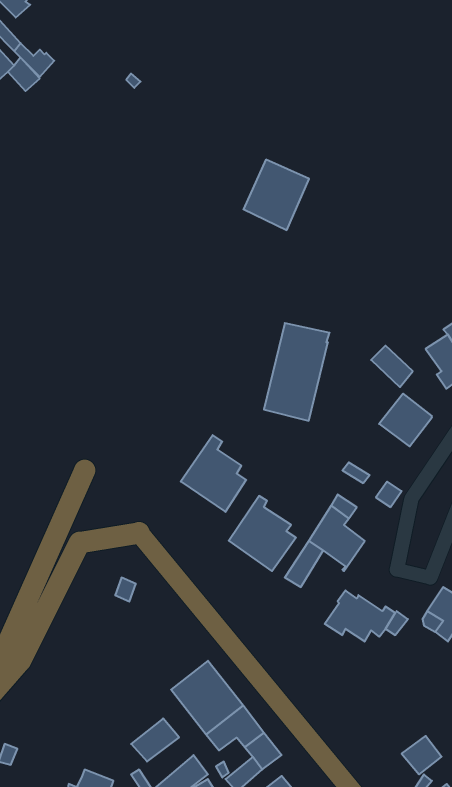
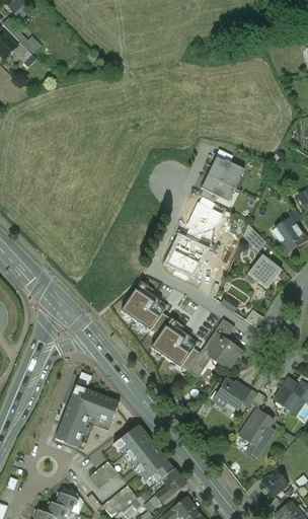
building: [243,160,309,230] -> [202,156,243,201]
building: none -> [56,388,120,446]
building: none -> [241,410,274,457]

